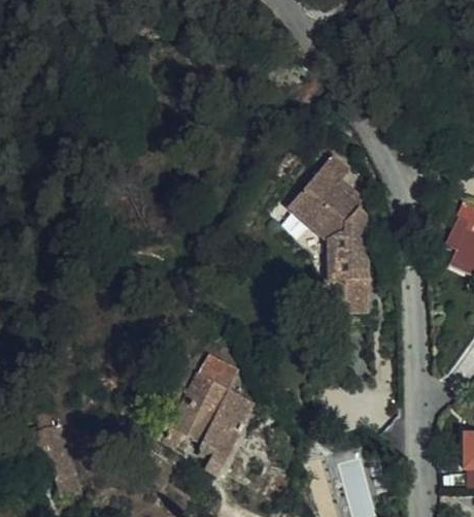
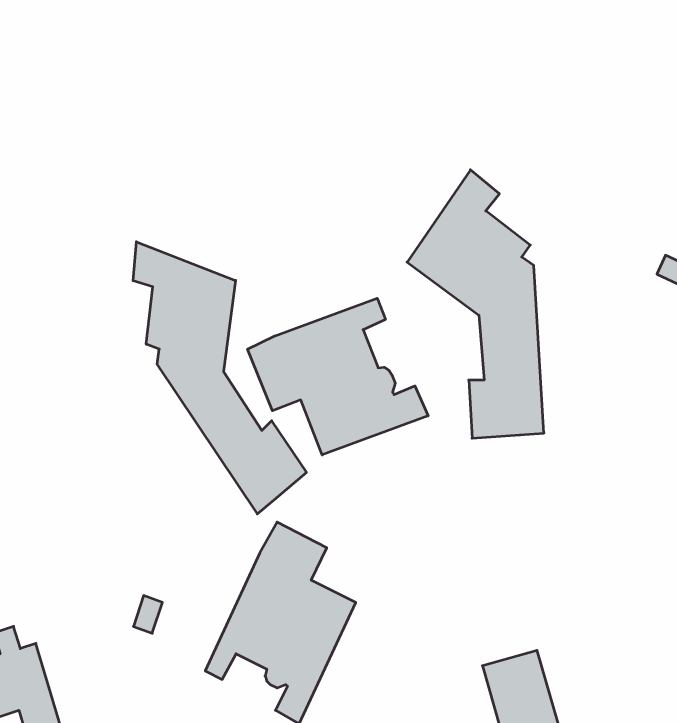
building: none -> [133,242,306,514]
building: none -> [248,298,428,455]

